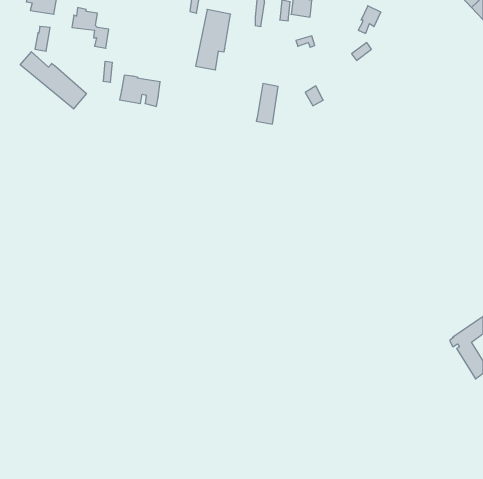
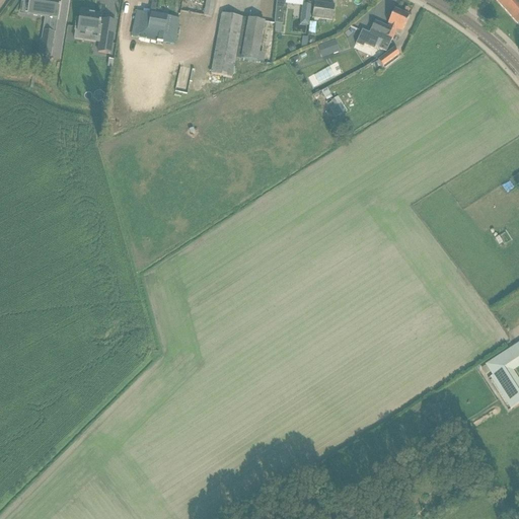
building: none -> [356,18,391,49]
building: [20,52,86,109] -> none
building: [120,75,160,106] -> [135,8,178,42]
building: [256,84,278,124] -> [240,15,264,59]

